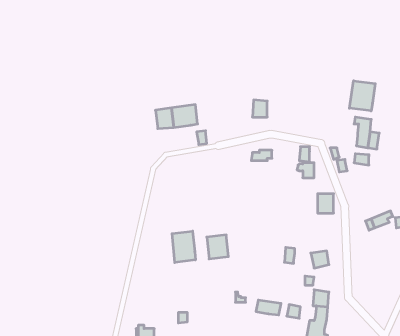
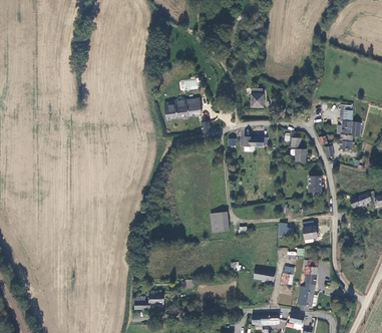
building: [349,81,375,111] -> none
building: [172,231,195,263] -> none

